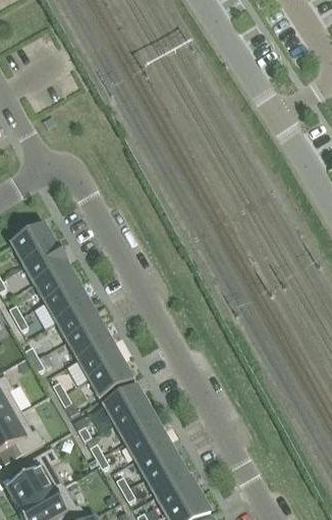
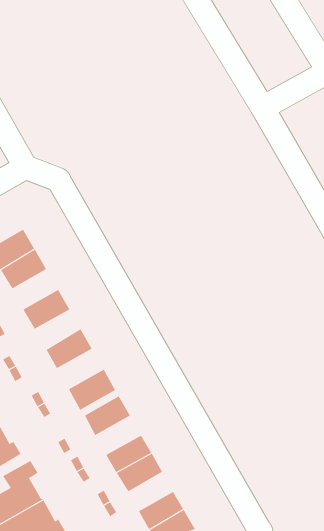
building: [33,261,77,300] -> none
building: [54,300,99,339] -> none
building: [75,337,121,376] -> none
building: [112,402,157,439] -> none
building: [144,456,187,493] -> none

